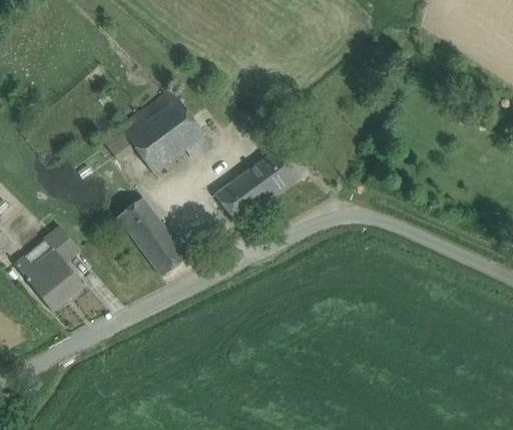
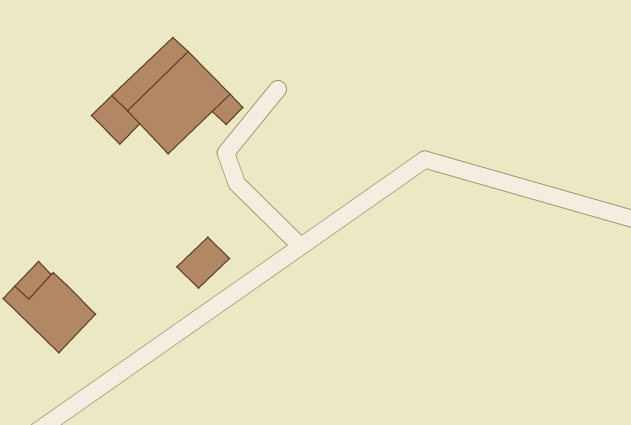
building: [215,149,300,224] -> none
building: [117,198,173,259] -> none
building: [45,228,79,262] -> none

